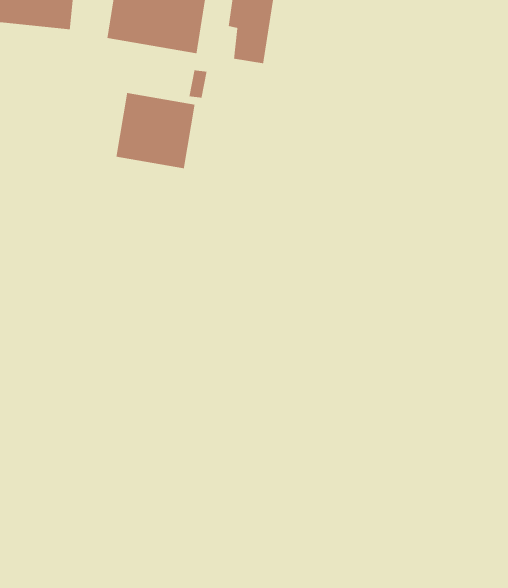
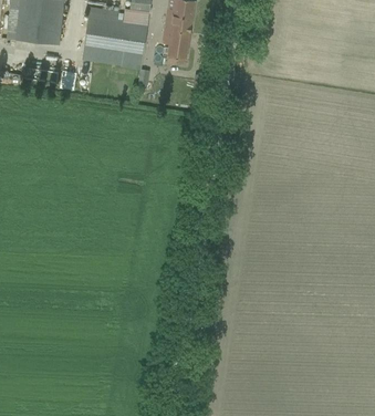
building: [116,92,196,169] -> none

